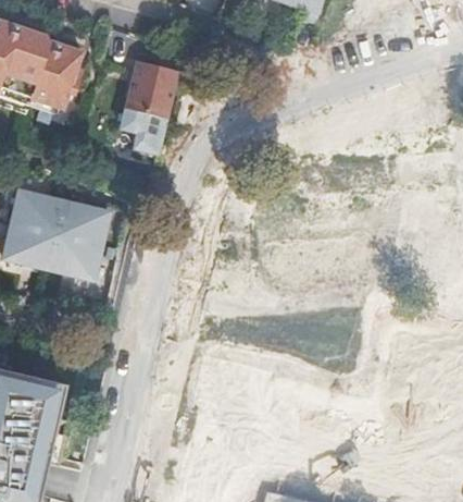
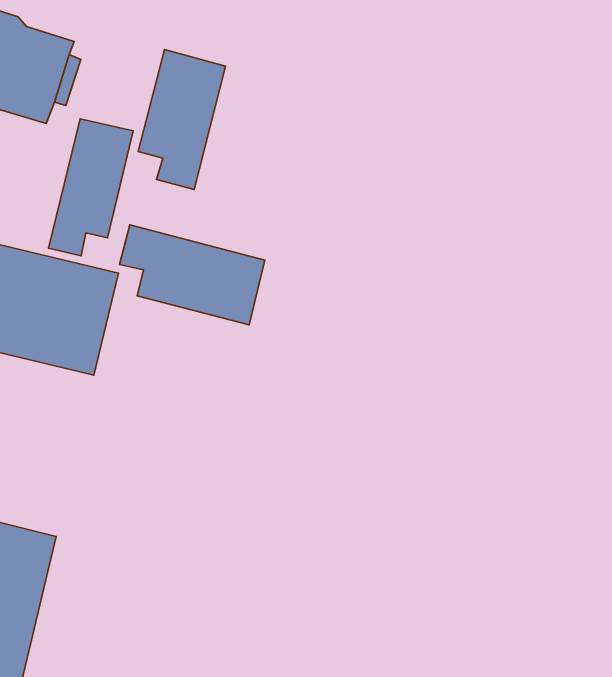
building: none -> [48,119,133,256]
building: none -> [120,225,265,325]

